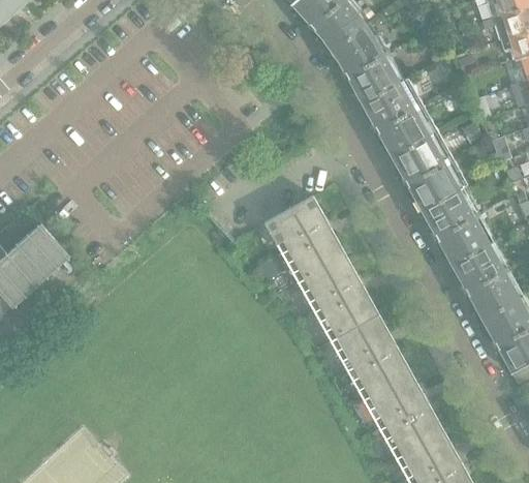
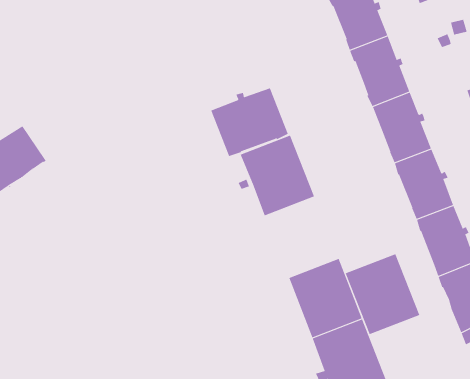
building: none -> [211,88,289,157]
building: [298,253,379,339] -> [345,253,420,335]

